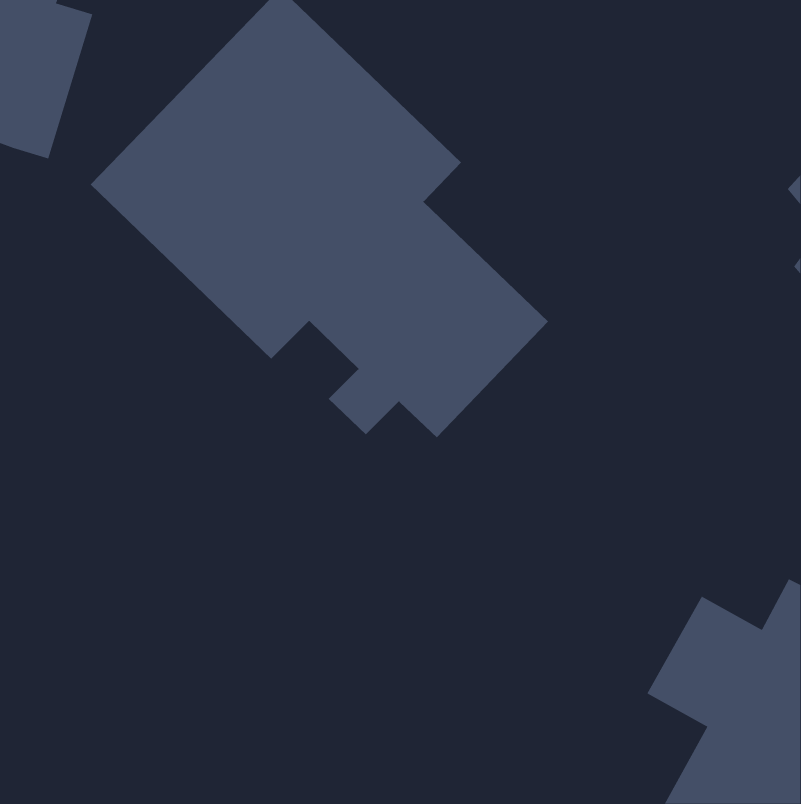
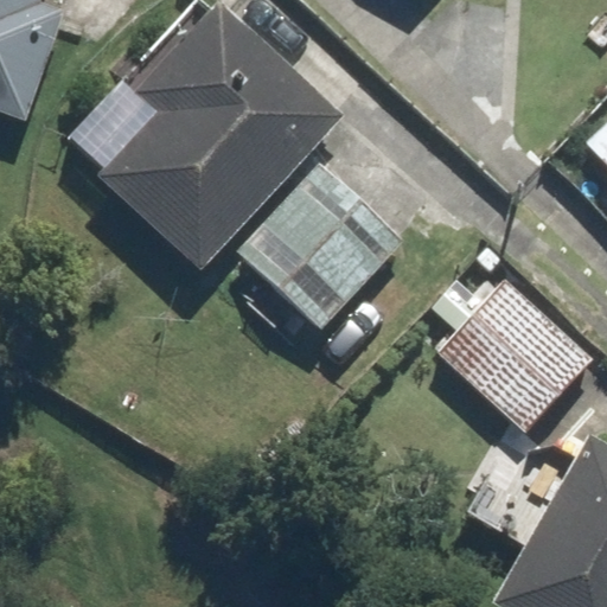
building: none -> [435,281,589,460]

